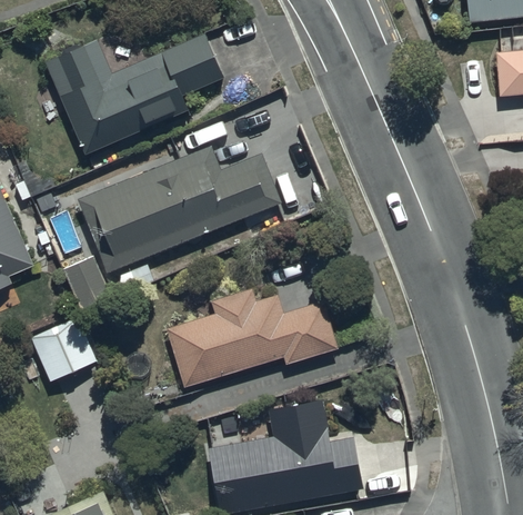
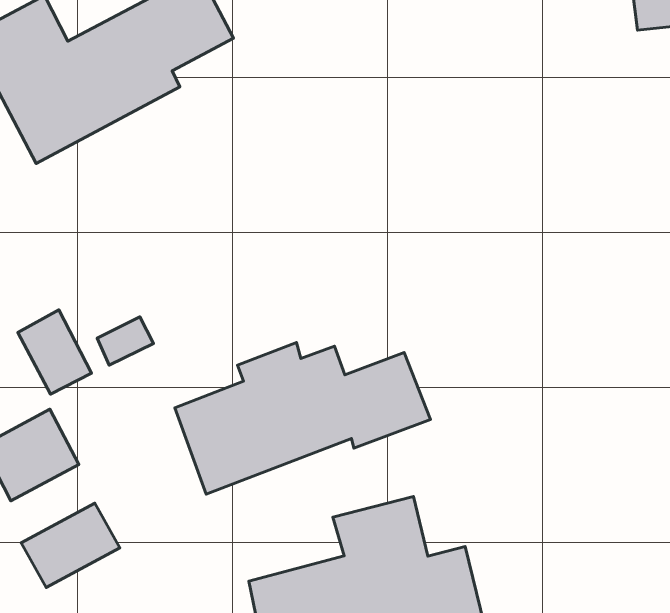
building: [79,148,282,270] -> none
building: none -> [21,503,120,588]

